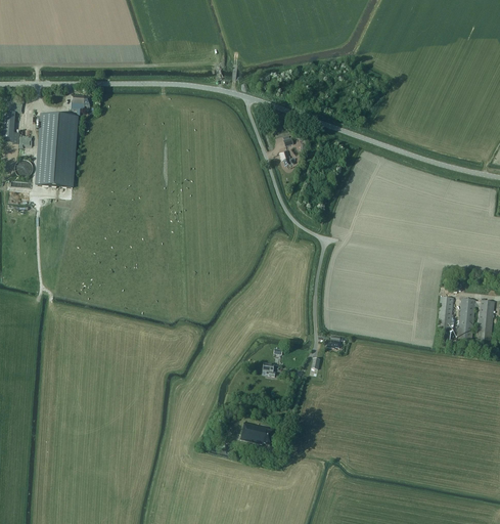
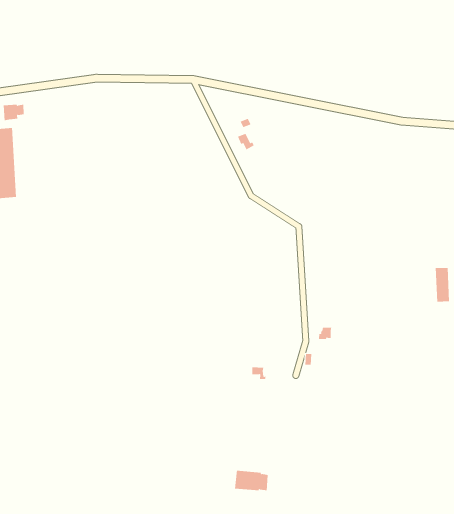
building: [240,423,273,445] -> [234,470,269,491]

